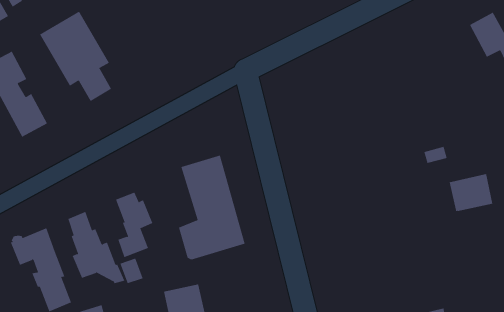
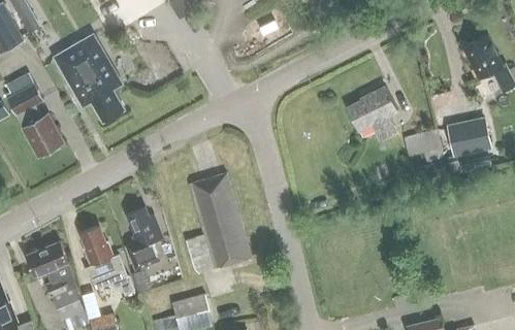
building: none -> [347,89,396,141]
building: none -> [403,130,444,163]
building: [449,173,493,211] -> [448,120,490,156]

